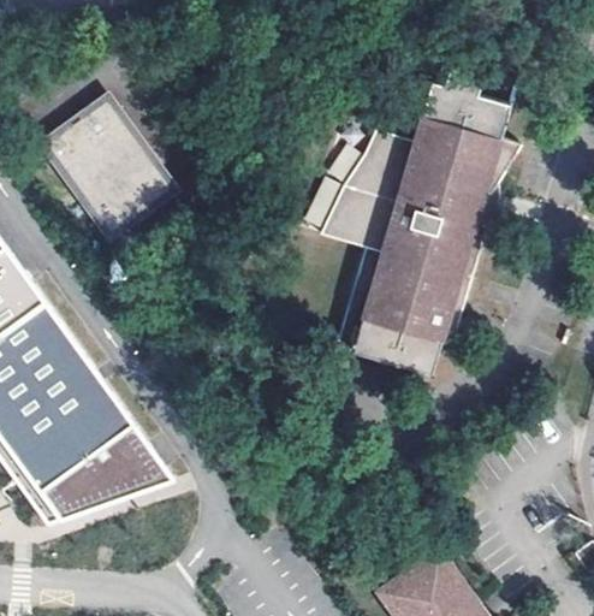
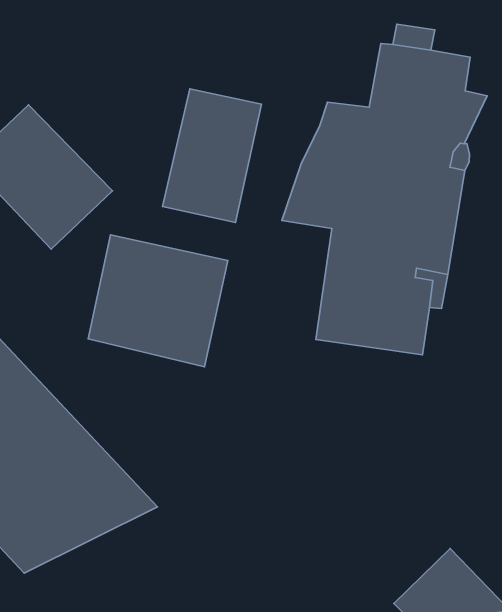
building: none -> [162,89,261,223]
building: none -> [88,235,228,367]

